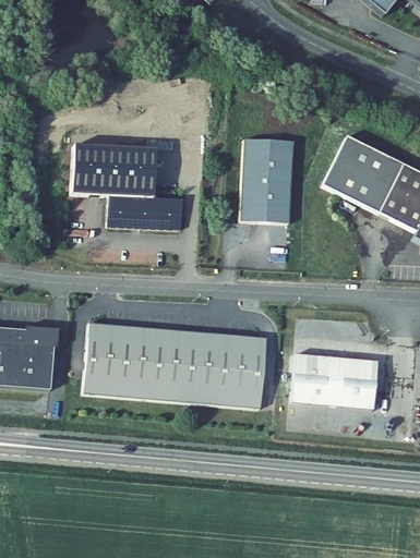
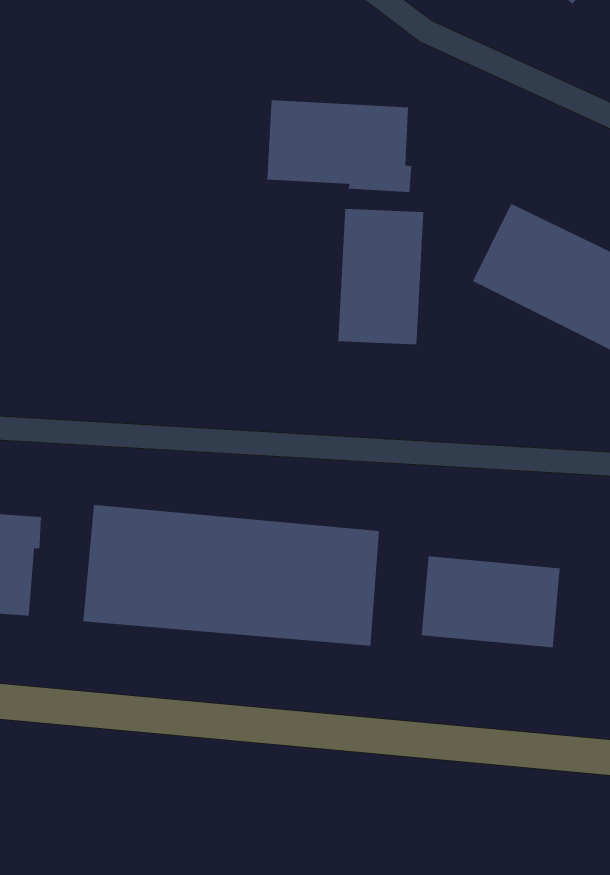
building: none -> [267,100,412,193]
building: [72,144,183,229] -> none

